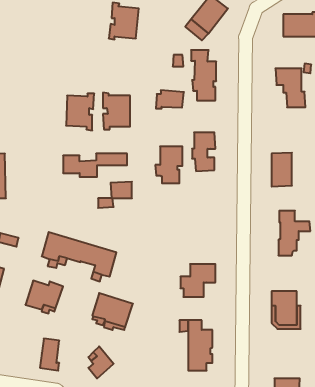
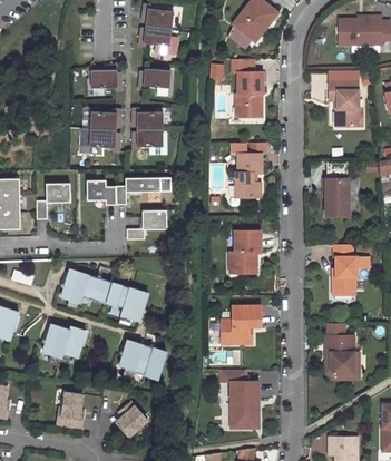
building: none -> [90,69,121,90]
building: [156,90,184,109] -> [138,68,170,89]
building: [155,146,182,183] -> [228,231,260,273]
building: none -> [36,176,69,219]

